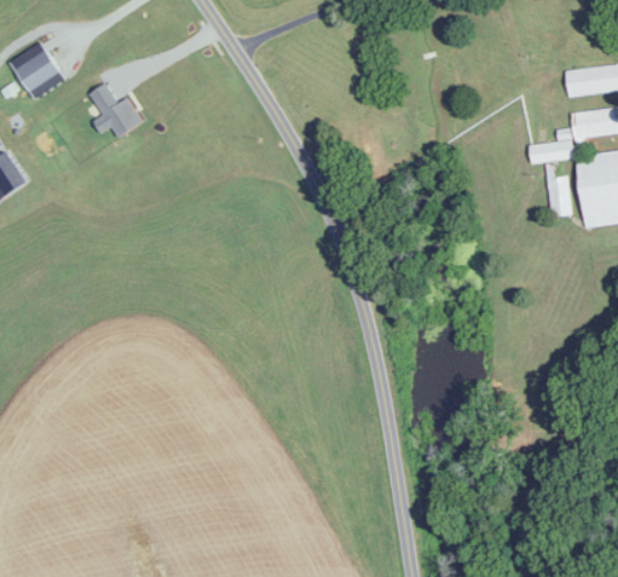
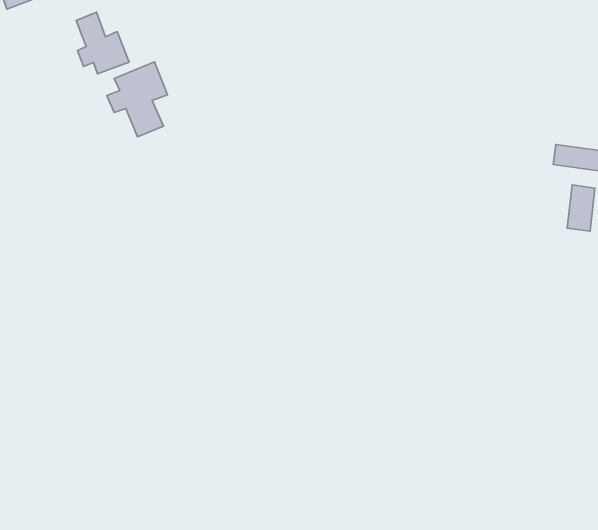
building: none -> [107,62,168,137]

